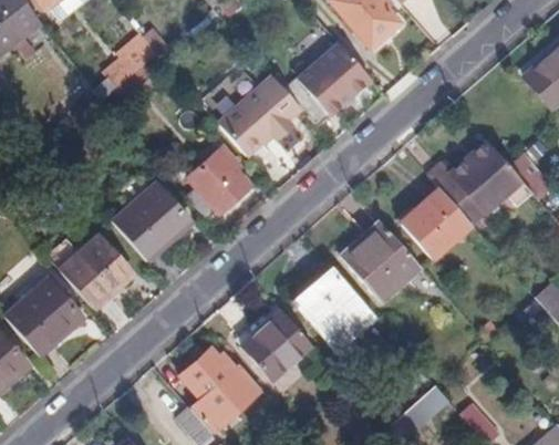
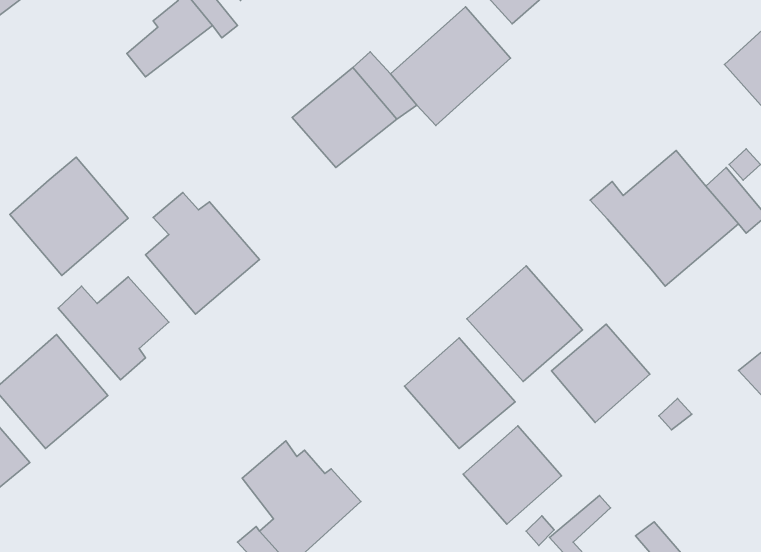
building: none -> [10,157,128,276]
building: [189,149,251,220] -> none
building: [401,190,470,260] -> [551,324,650,422]
building: [242,314,312,384] -> [463,426,562,524]

